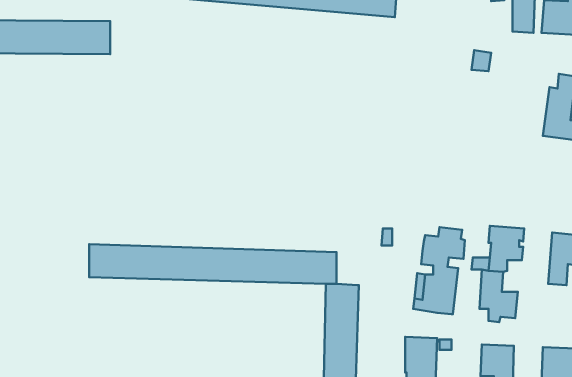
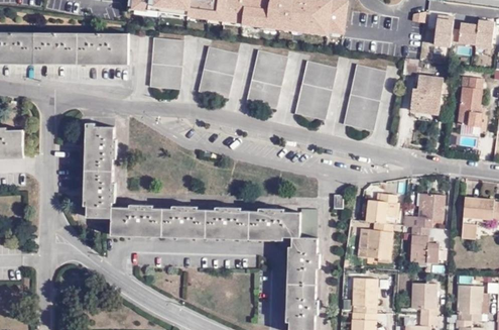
building: none -> [150,38,182,89]
building: none -> [198,47,237,98]
building: none -> [246,50,286,108]
building: none -> [294,61,335,120]
building: none -> [343,65,385,130]
building: none -> [409,76,442,112]
building: none -> [86,126,113,218]
building: none -> [299,210,316,238]

